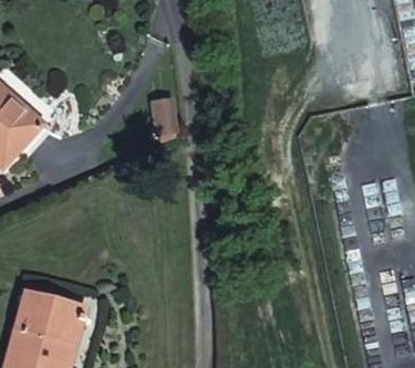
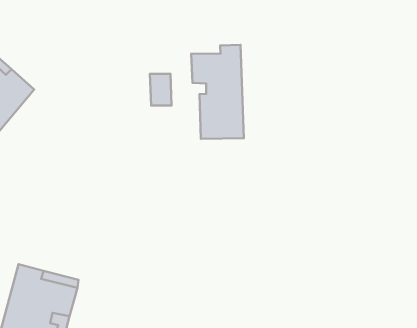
building: none -> [191,45,244,139]

